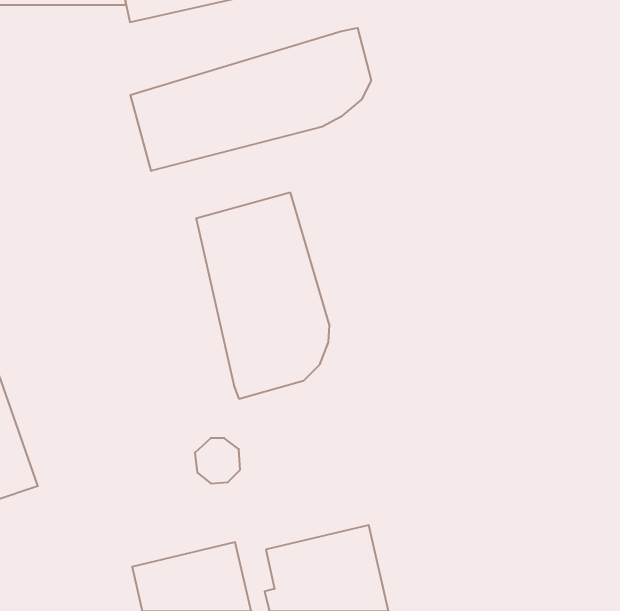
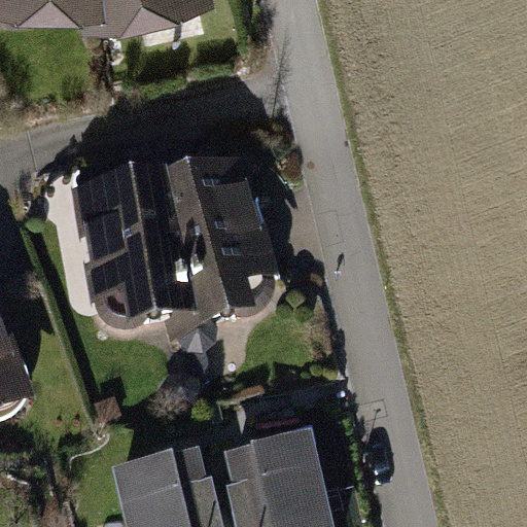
building: [130,28,371,171] -> none
building: none -> [77,183,197,335]

